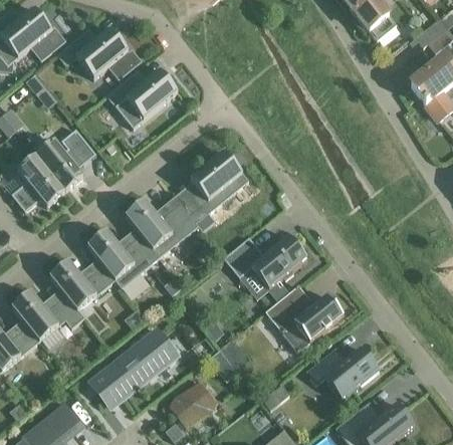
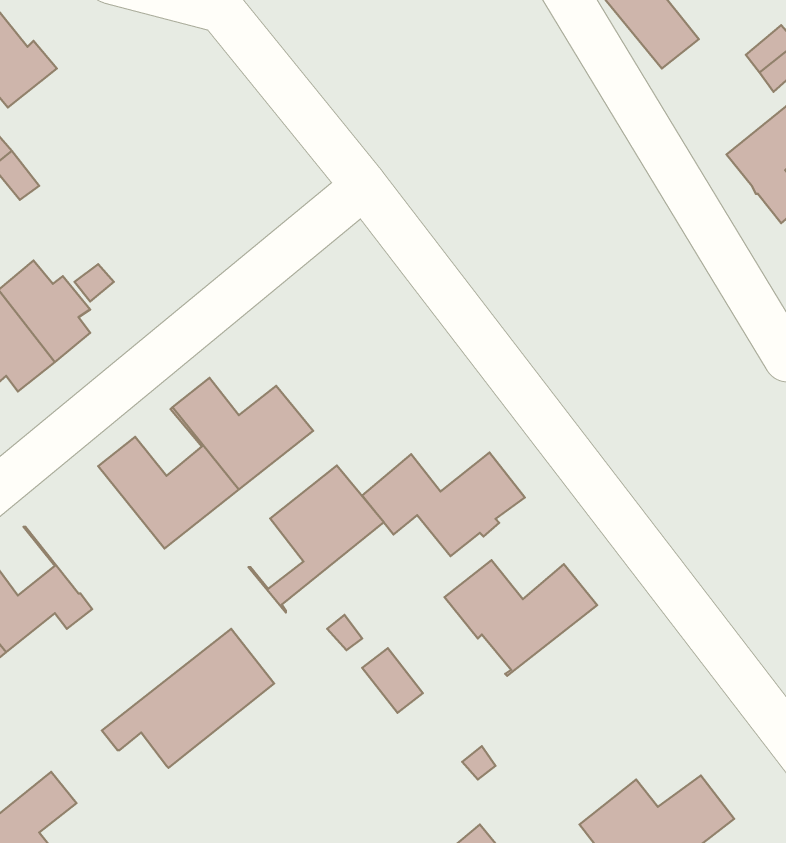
building: [75,28,141,78] -> none
building: [106,69,178,128] -> none
building: [179,151,248,226] -> [249,465,384,612]
building: [50,244,122,309] -> none
building: [305,350,379,402] -> none
building: [169,381,217,427] -> none

